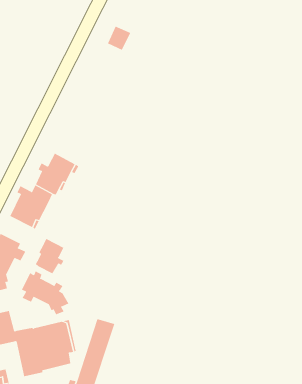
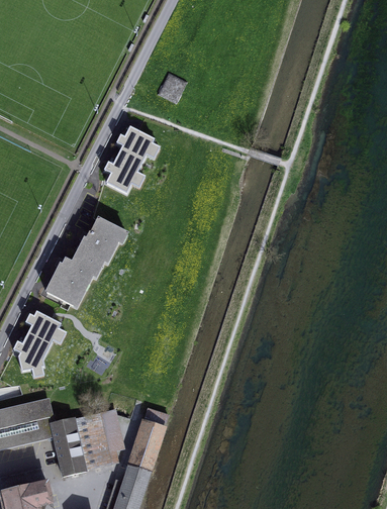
building: none -> [103,127,159,194]
building: [35,238,64,274] -> none
building: [21,270,69,315] -> none

